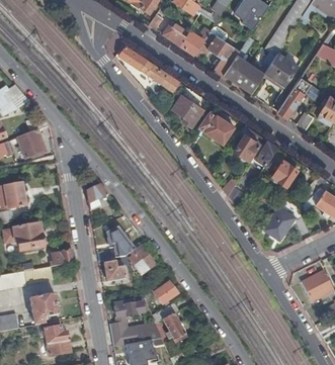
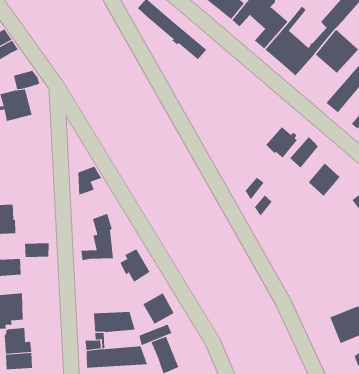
building: [172,95,201,125] -> none
building: [198,110,234,144] -> none
building: [263,197,302,240] -> none
building: [103,256,129,281] -> none

